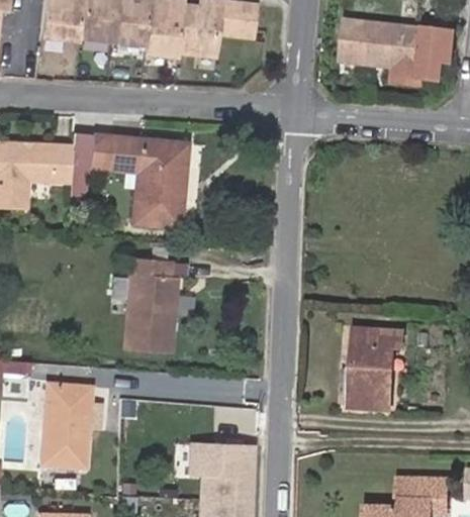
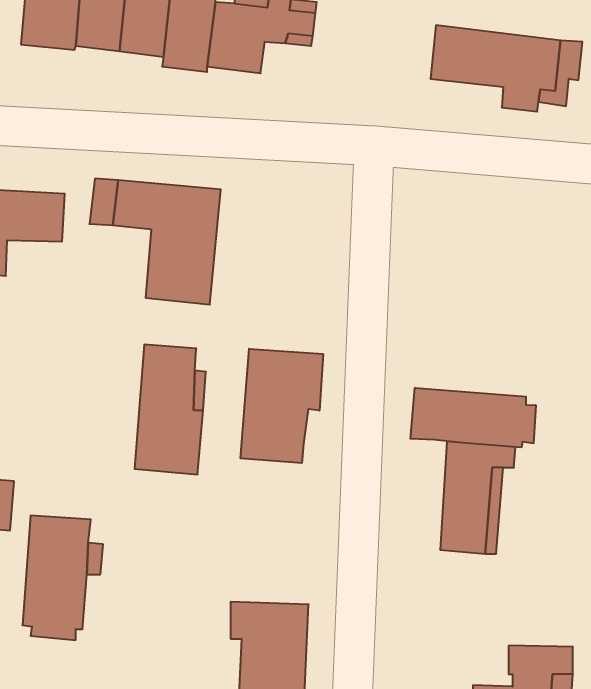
building: none -> [241,349,323,463]
building: none -> [410,388,536,447]

